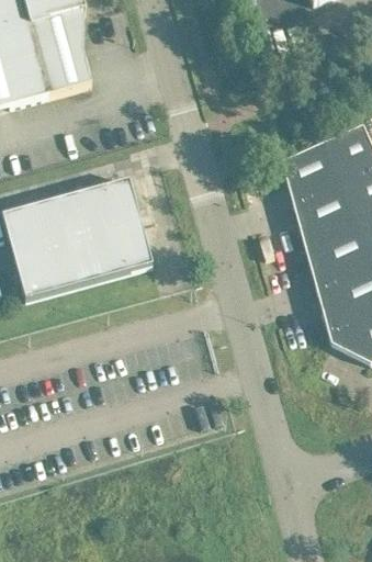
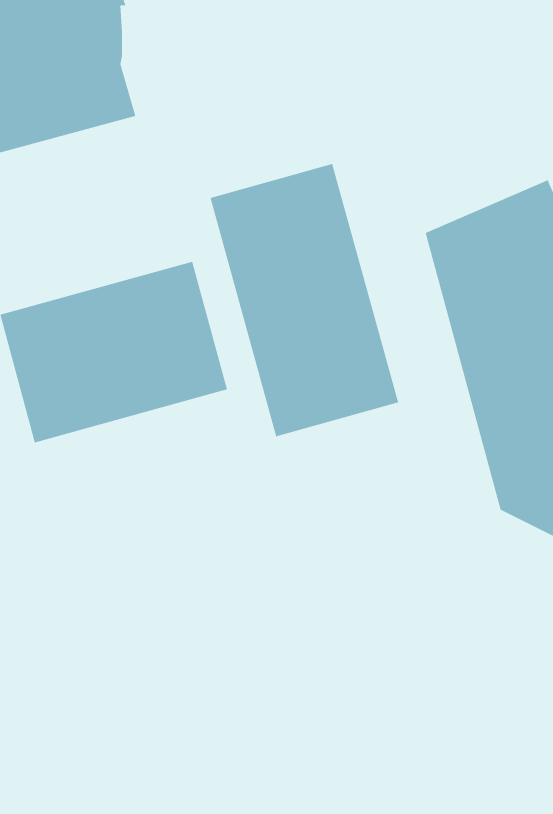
building: none -> [210,163,399,437]

